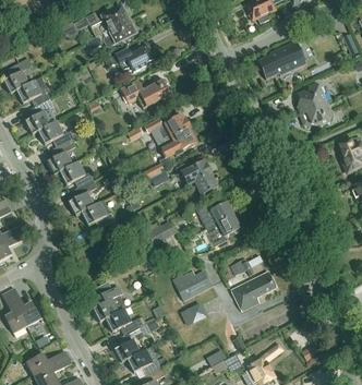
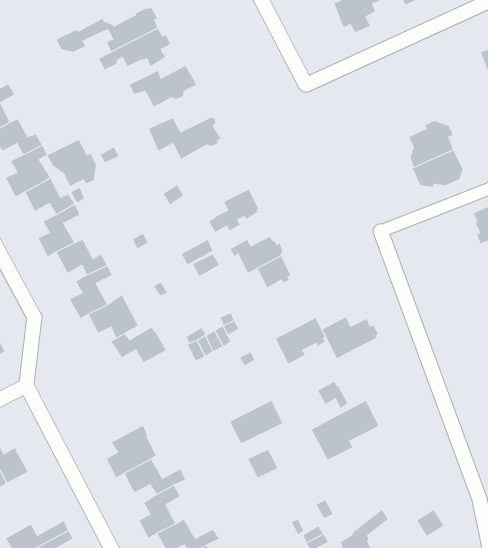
building: [257,39,306,79] -> none
building: none -> [47,139,96,187]
building: [144,115,190,144] -> none
building: [196,200,234,228] -> [322,317,379,359]
building: none -> [110,327,167,363]

